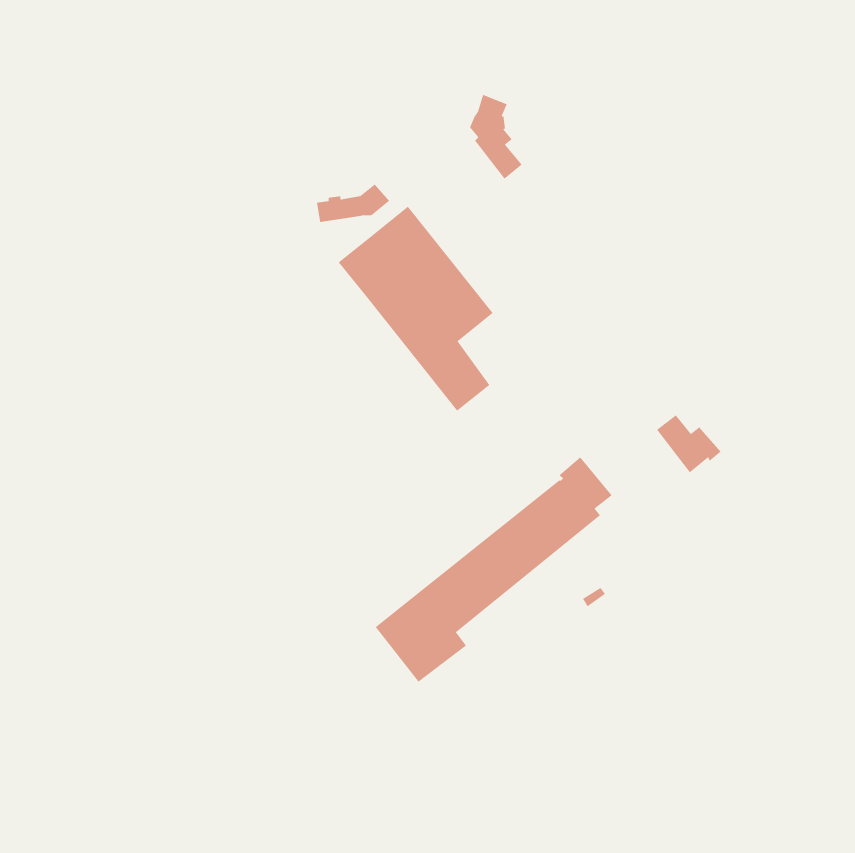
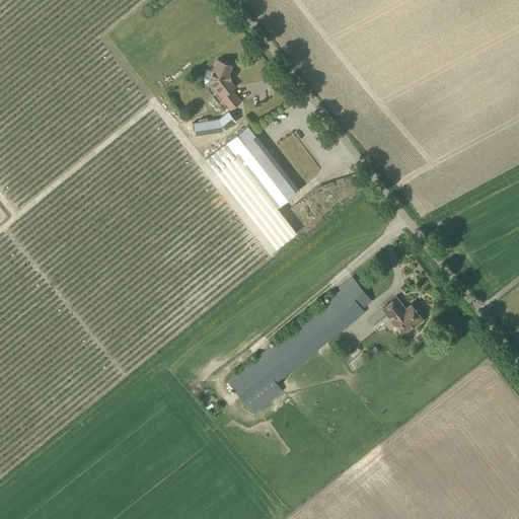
building: [469,94,523,179] -> [209,60,241,112]
building: [656,415,721,473] -> [384,298,424,333]

